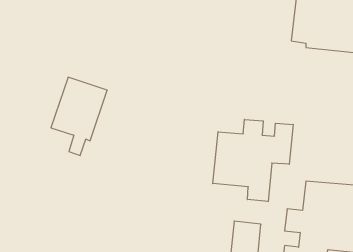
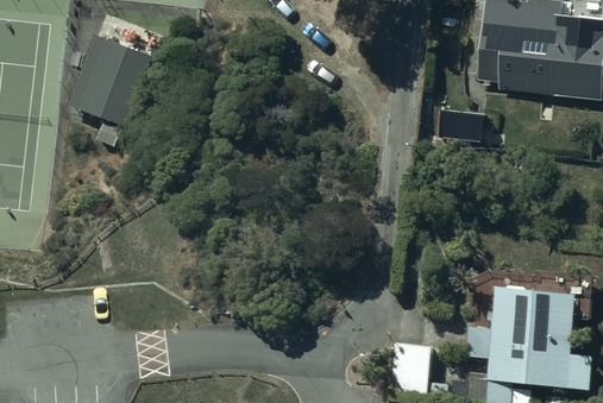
building: [51,77,107,155] -> [71,32,153,146]
building: [213,119,293,202] -> none

